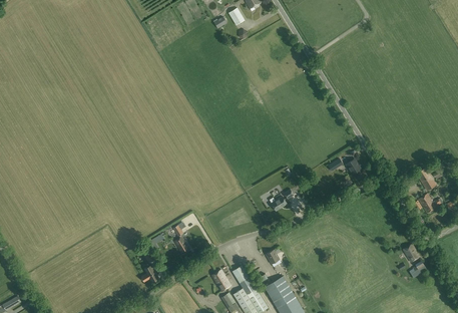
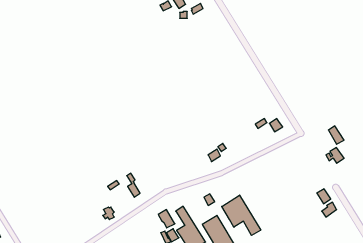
building: none -> [222,195,261,235]

